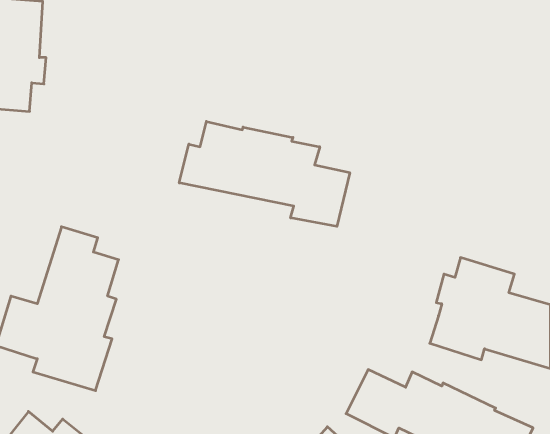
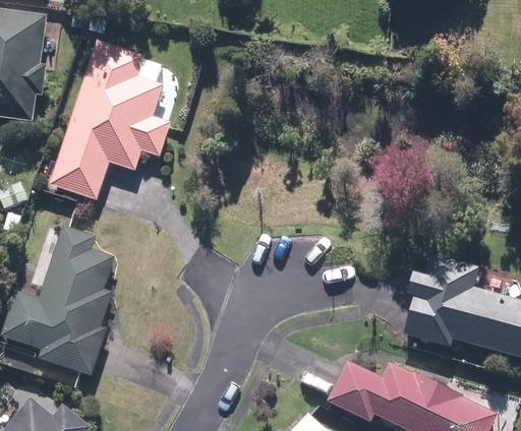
building: none -> [49,39,173,201]
building: [179,121,350,226] -> none

